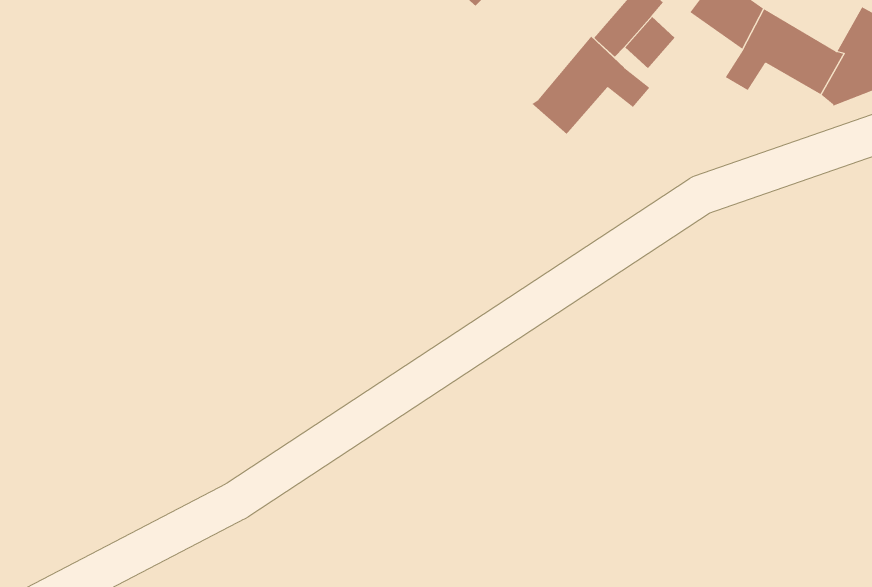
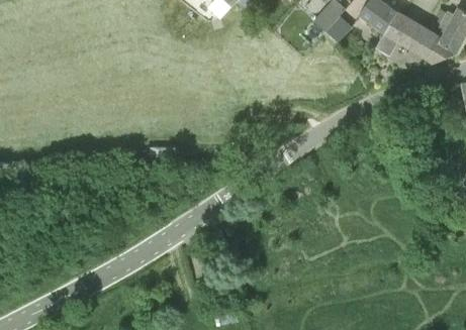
building: [531,36,650,135] -> none

